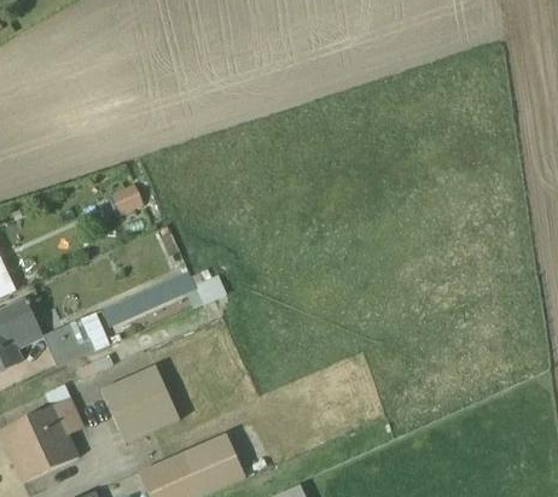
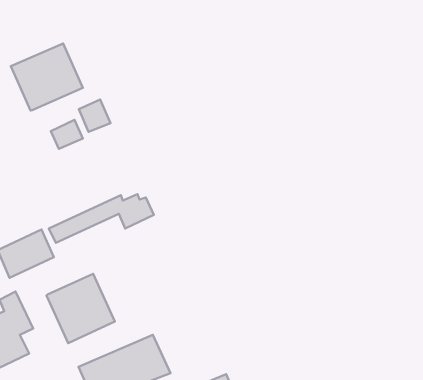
building: none -> [11,43,83,110]
building: none -> [79,100,111,132]

